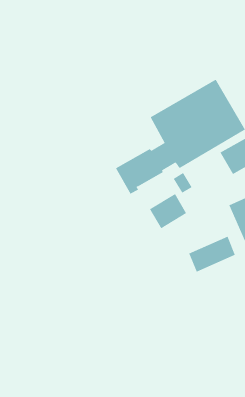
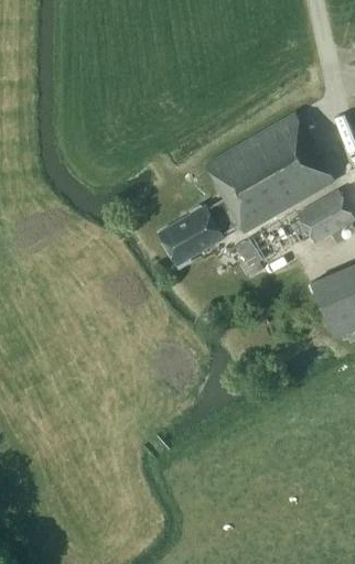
building: [149,193,187,229] -> none
building: [189,236,236,272] -> none

